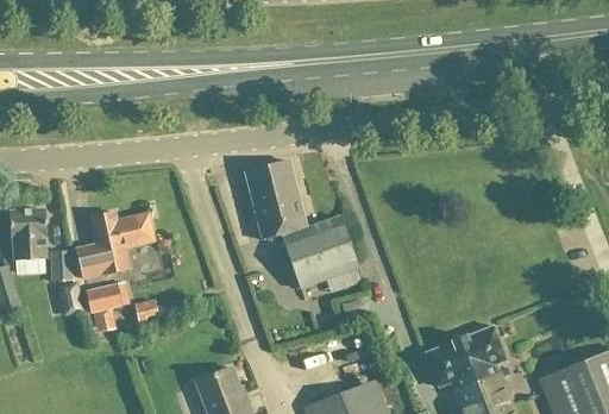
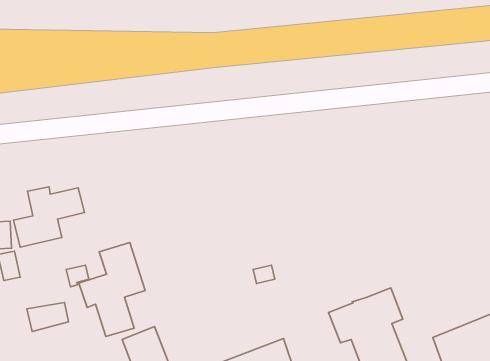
building: [245,162,359,291] -> none
building: none -> [79,242,145,336]
building: [83,283,130,315] -> [27,302,69,331]

